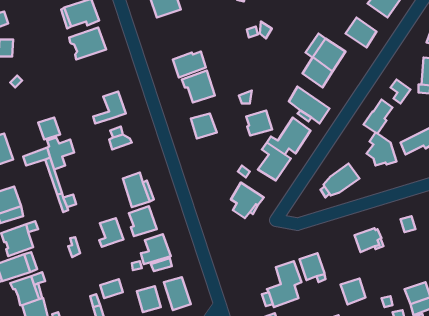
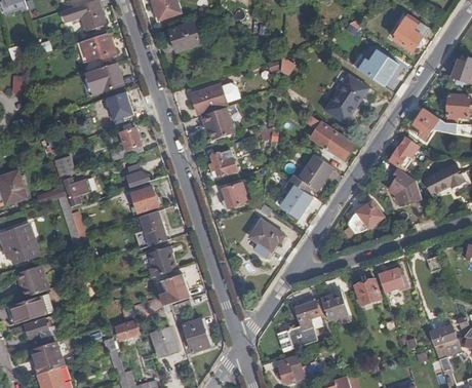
building: none -> [106,91,131,120]
building: [246,111,272,136] -> [218,183,244,208]
building: none -> [130,186,157,211]
building: [99,218,123,247] -> none
building: [340,279,365,305] -> [354,279,380,306]

